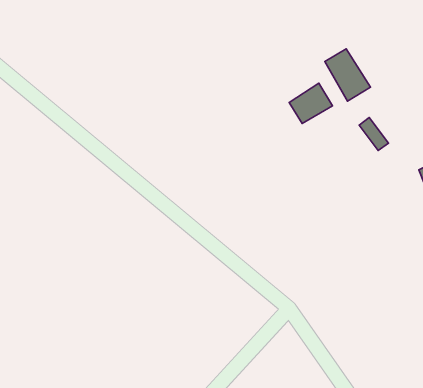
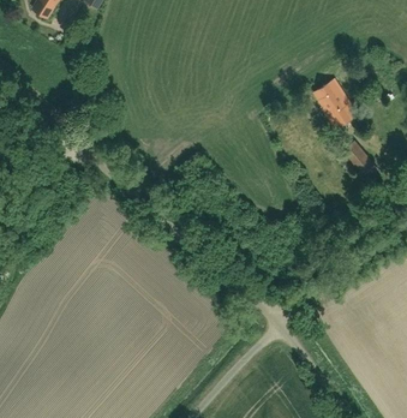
building: [289,83,332,123] -> none

